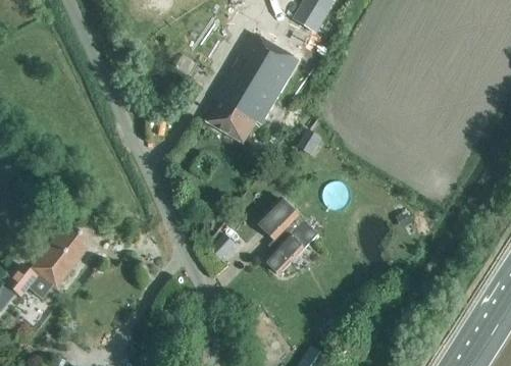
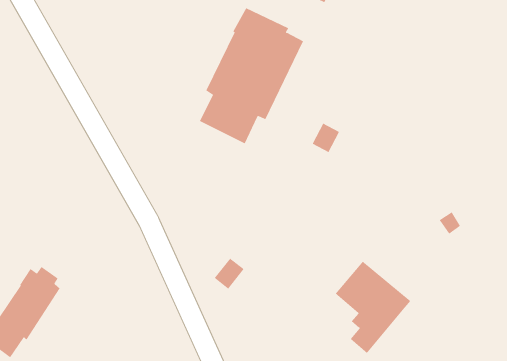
building: [257,198,318,273] -> [335,261,411,354]

